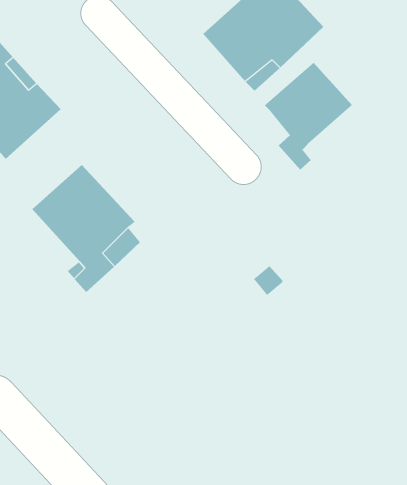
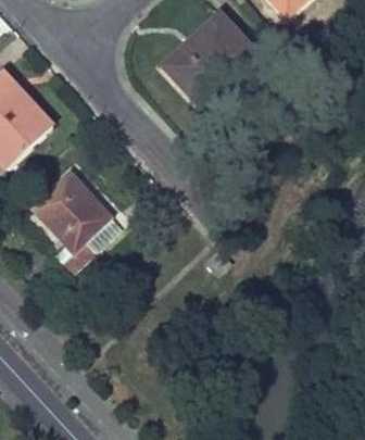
building: [264,62,353,170] -> none

